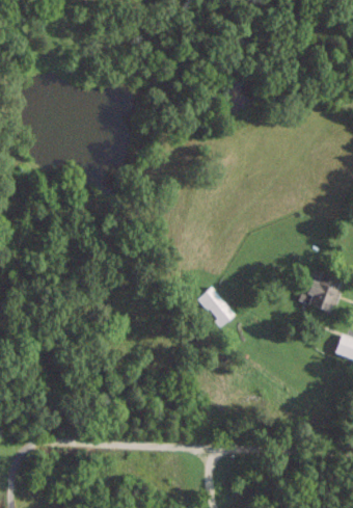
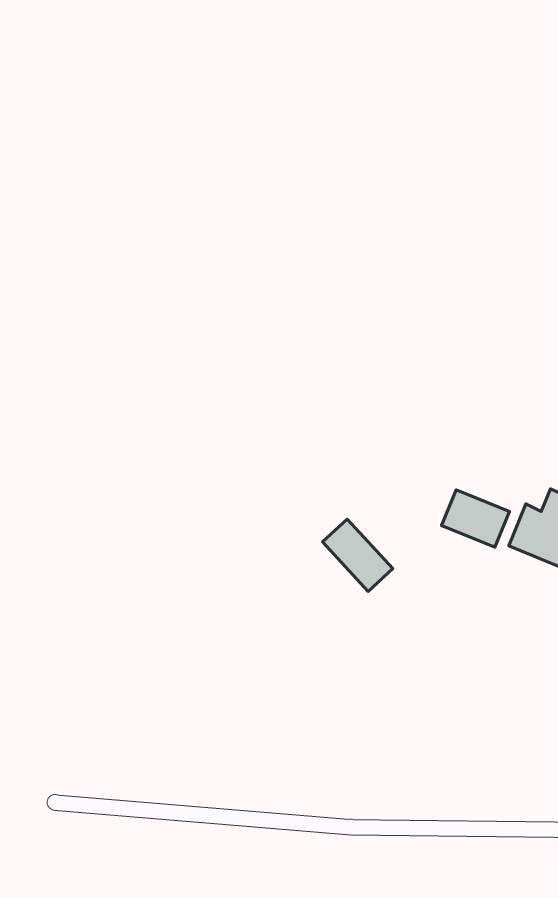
building: none -> [442,490,510,547]

